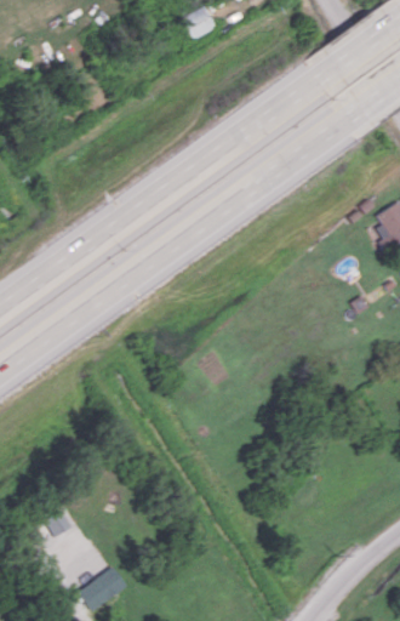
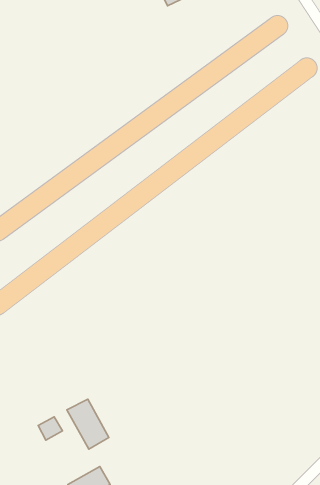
building: none -> [67,399,109,449]

